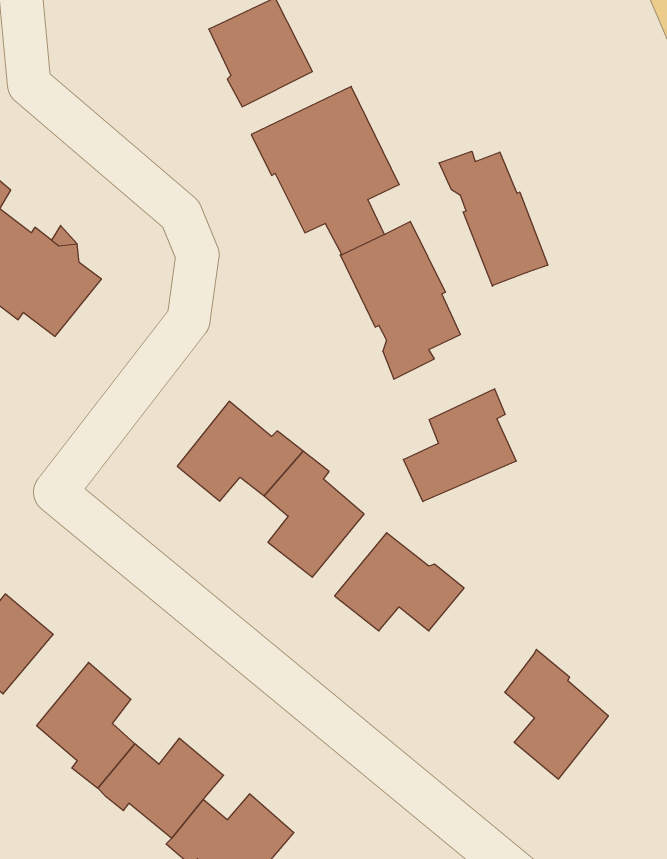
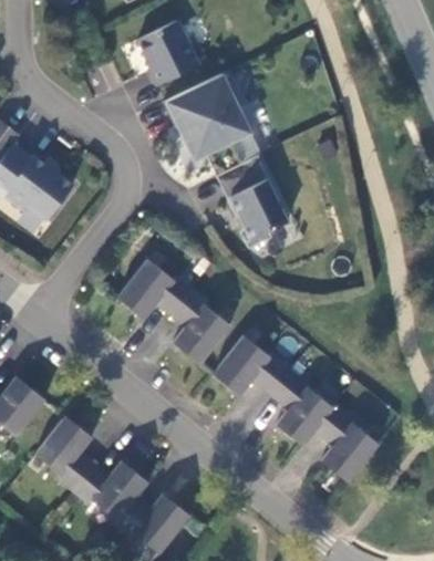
building: [439,151,548,286] -> none
building: [403,389,516,502] -> none
building: none -> [270,372,333,449]

